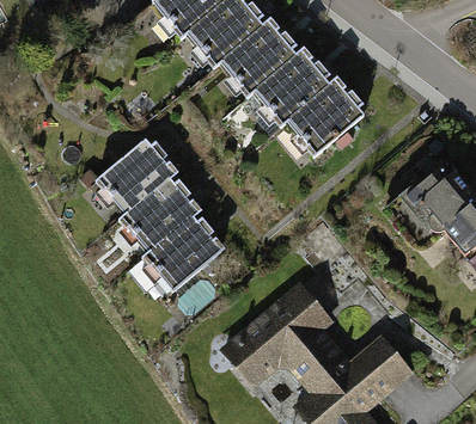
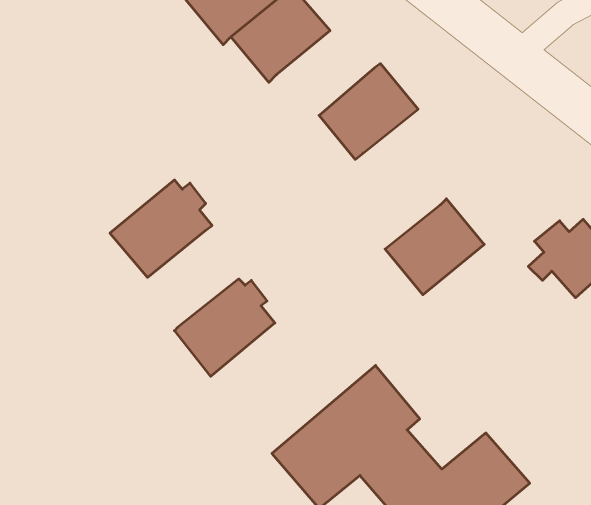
building: [222,21,297,94] -> none
building: [288,81,364,154] -> [385,199,484,295]
building: [120,178,196,252] -> none

